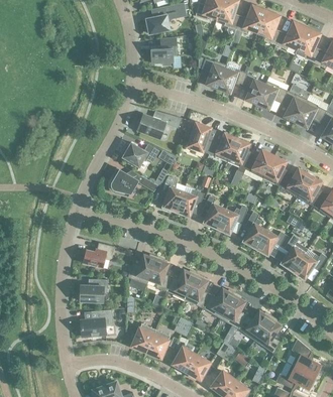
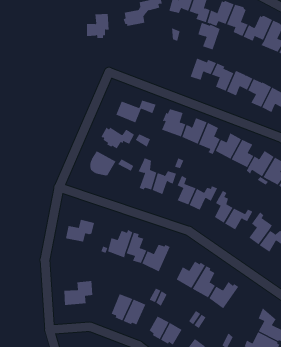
building: [151,37,177,64] -> [86,13,109,38]
building: [201,57,226,88] -> [197,22,221,50]
building: [185,272,210,307] -> none
building: [78,278,108,301] -> none
building: [254,315,282,353] -> none

